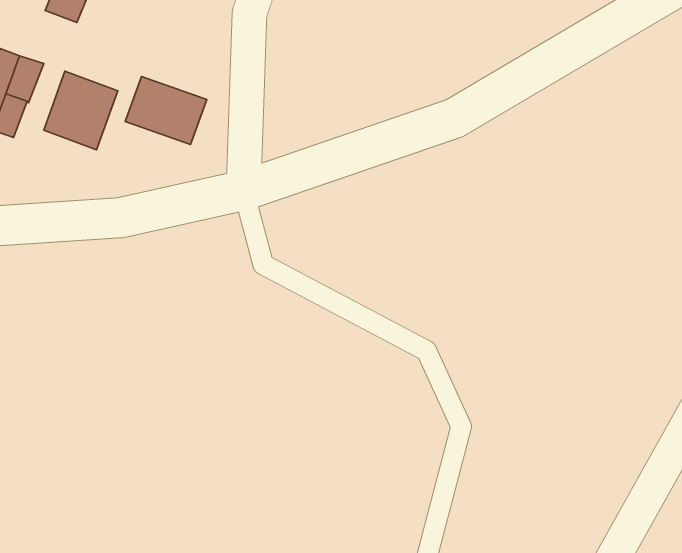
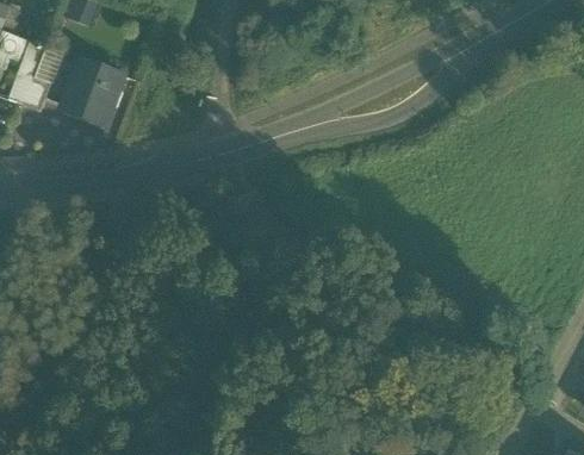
building: [125,76,207,145] -> none

